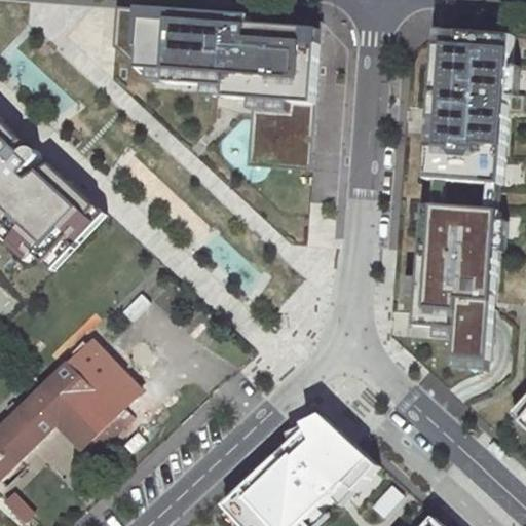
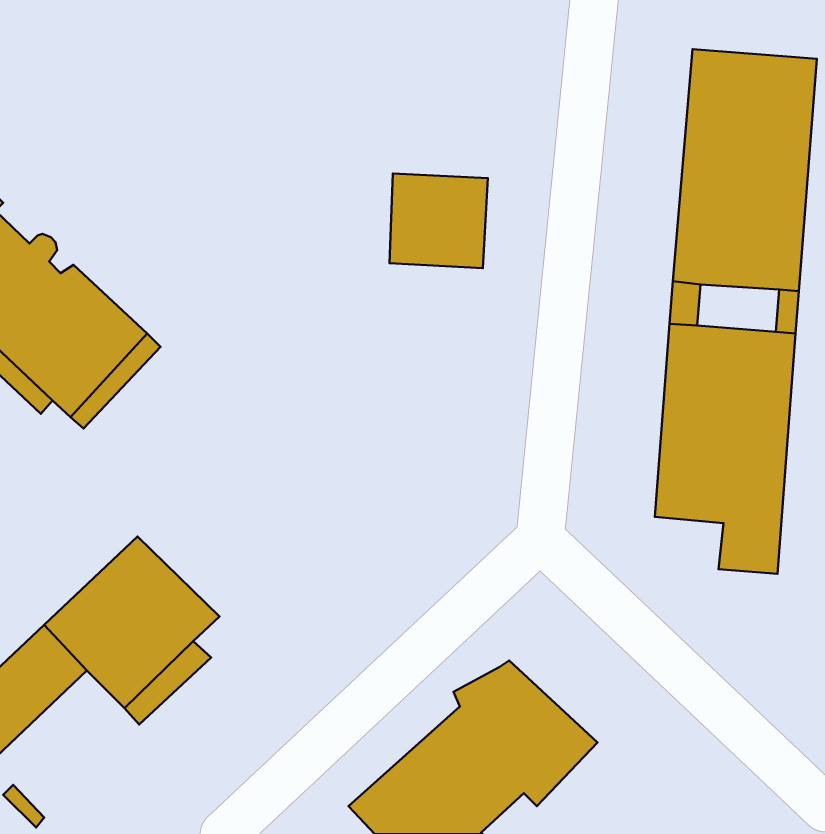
building: [130,8,309,101] -> none

